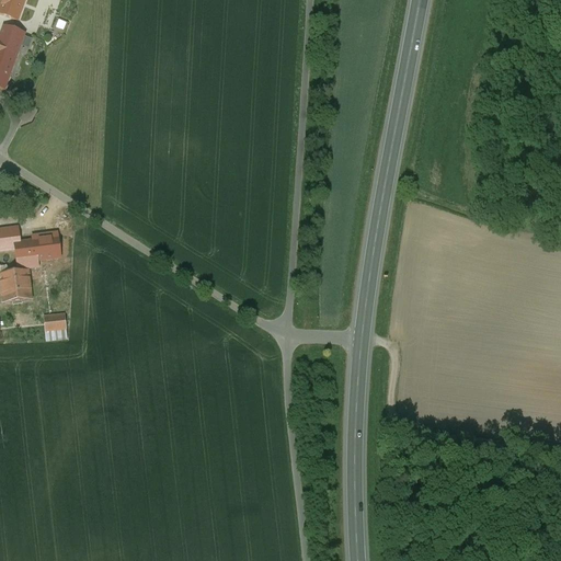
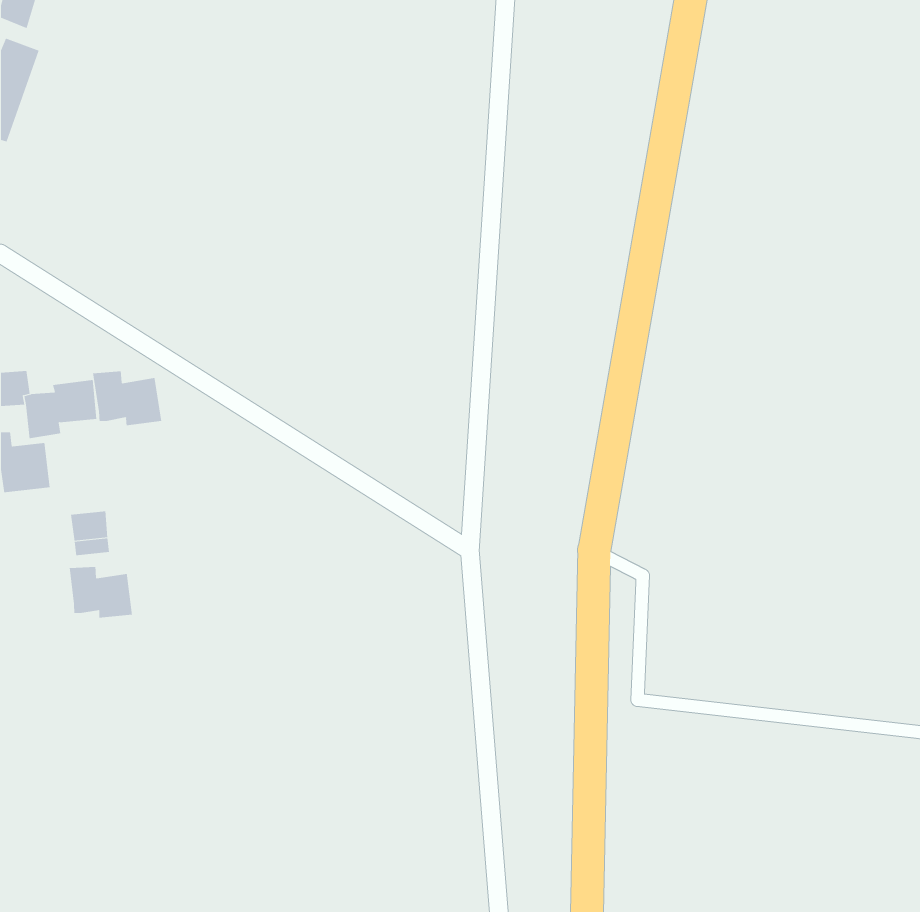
building: none -> [93,371,162,426]
building: none -> [69,566,133,619]

